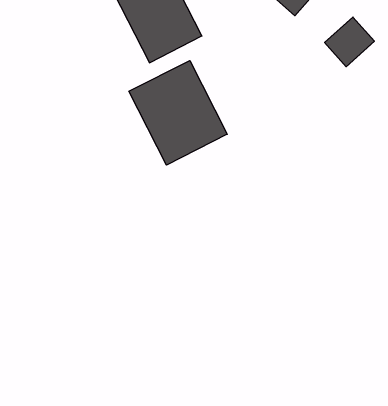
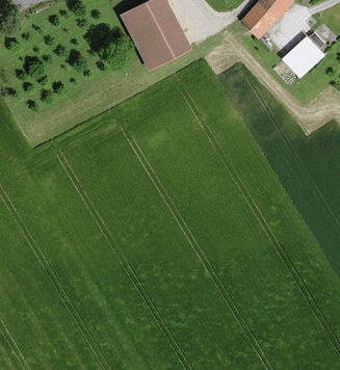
building: [129,61,227,165] -> none

